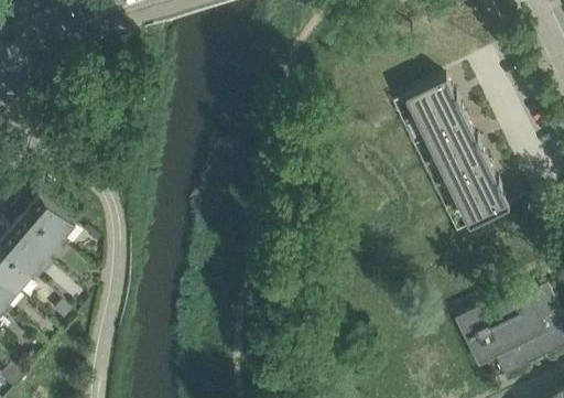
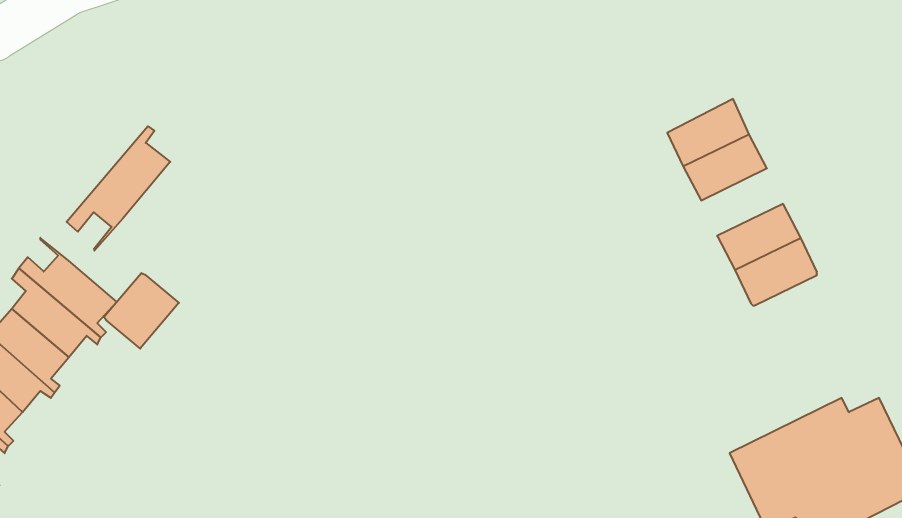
building: [405,78,457,121] -> none
building: none -> [67,126,170,251]
building: [437,143,488,185] -> none
building: none -> [104,273,179,349]

